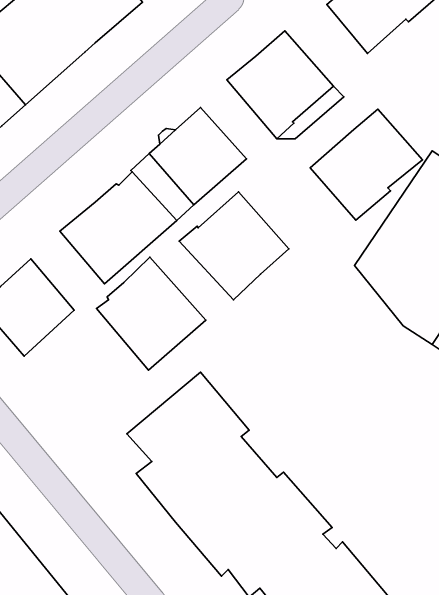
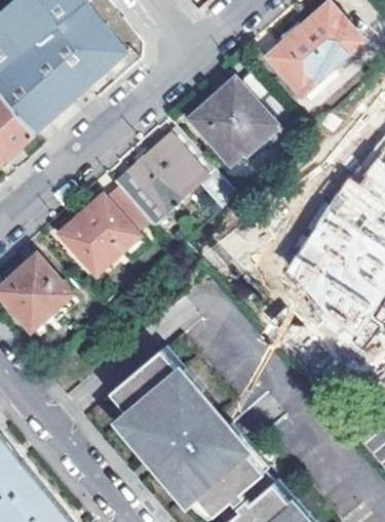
building: [310,109,422,220] -> none
building: [179,192,289,300] -> none
building: [97,257,206,370] -> none

